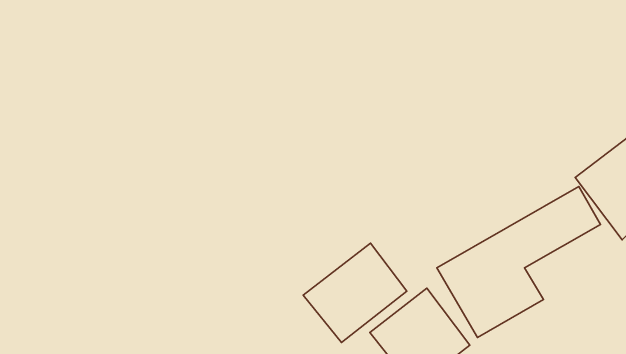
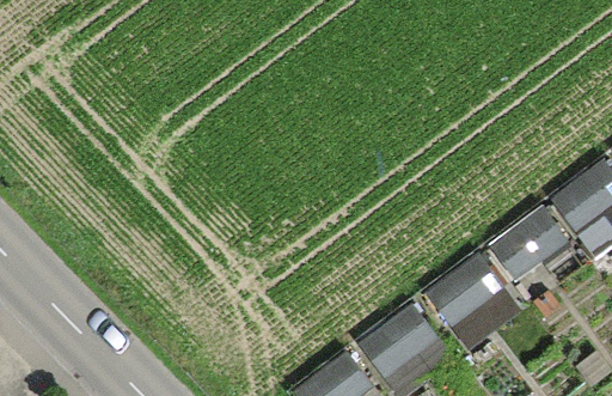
building: [303,243,407,342] -> none

